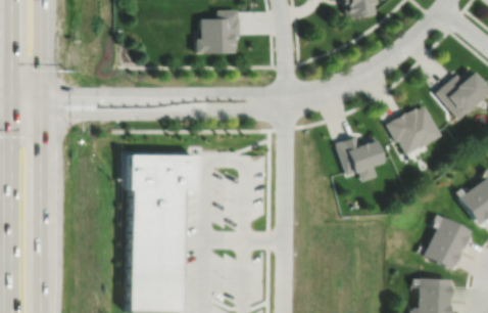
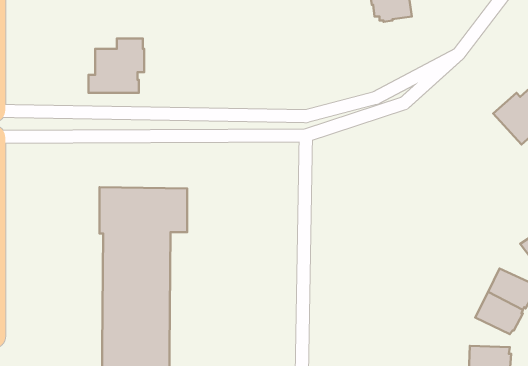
building: [194,12,238,55] -> [89,39,144,93]
building: [387,104,443,153] -> none
building: [336,135,383,180] -> none

